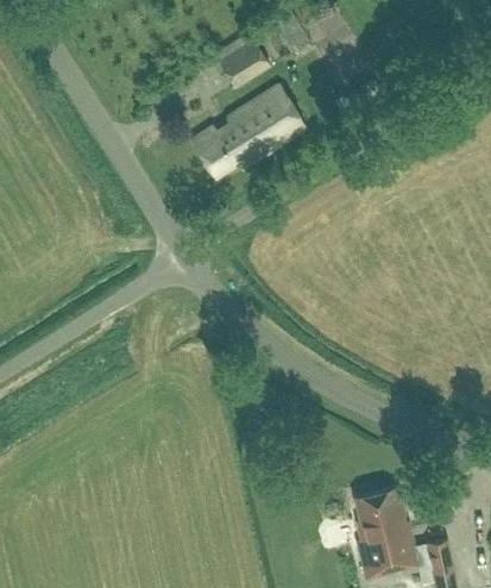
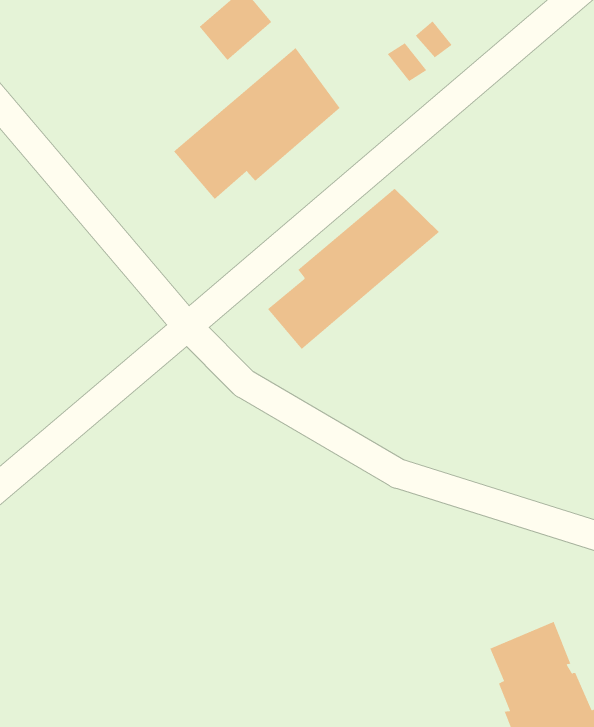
building: none -> [267,188,440,350]

